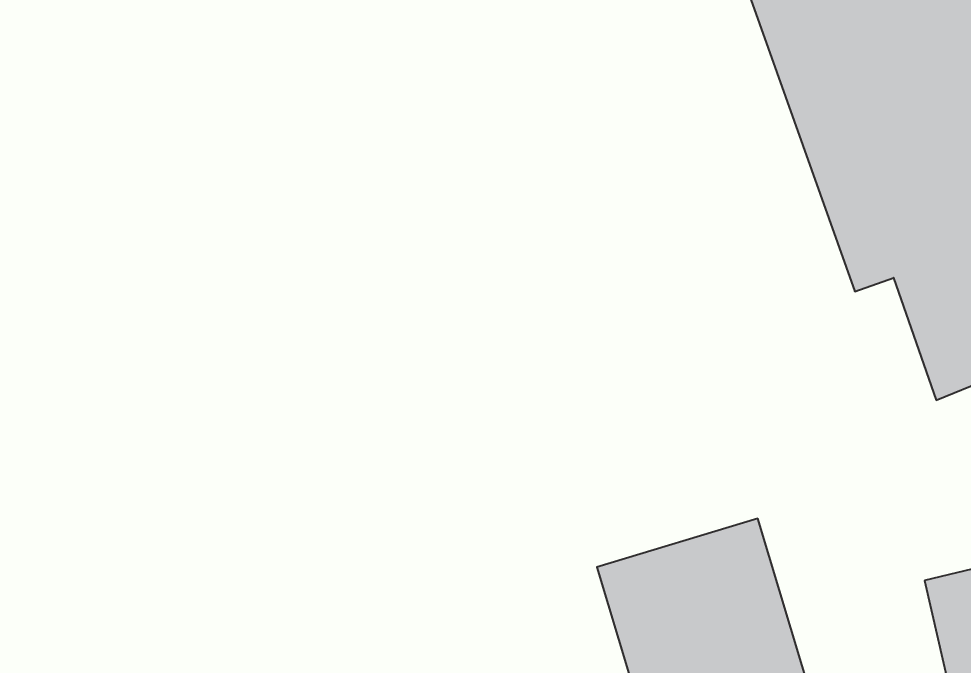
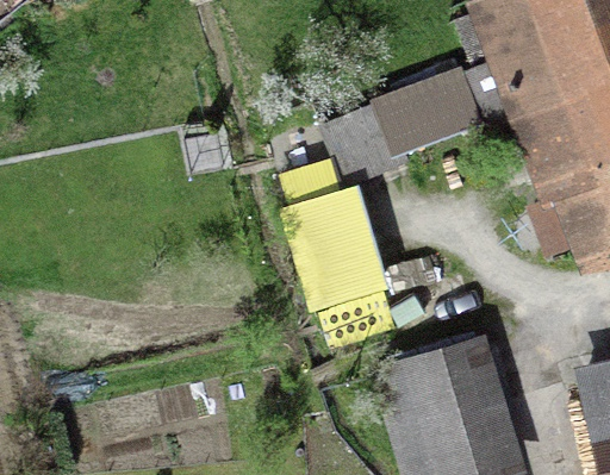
building: none -> [342,69,488,171]
building: none -> [299,189,400,310]

